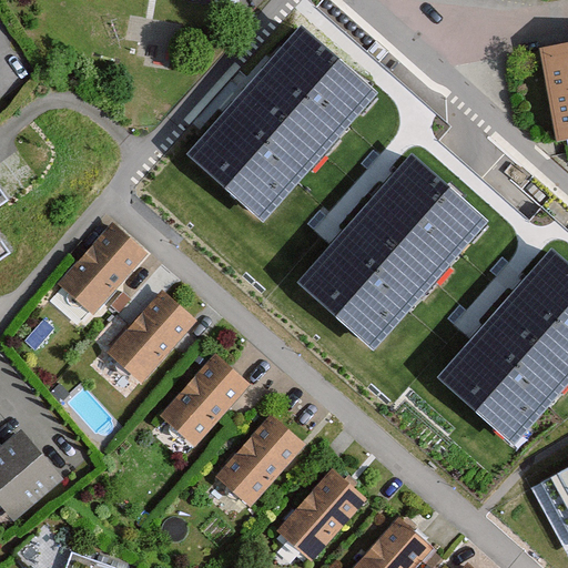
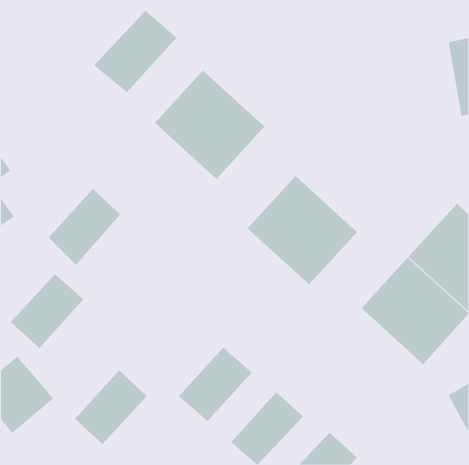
building: none -> [93,10,177,93]
building: [245,21,378,153] -> none
building: [357,149,490,281] -> none
building: [105,296,195,387] -> [10,274,84,349]
building: [159,356,247,447] -> [74,369,147,445]

